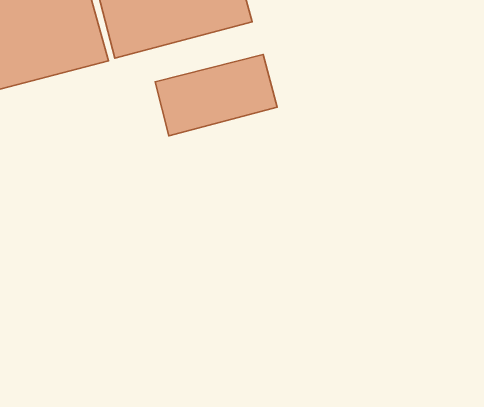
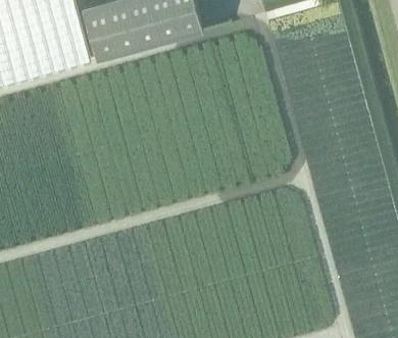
building: [155,55,277,136] -> none

